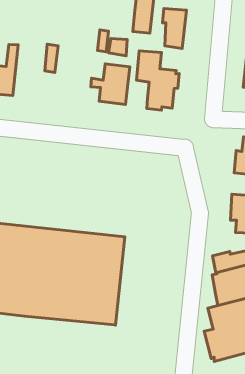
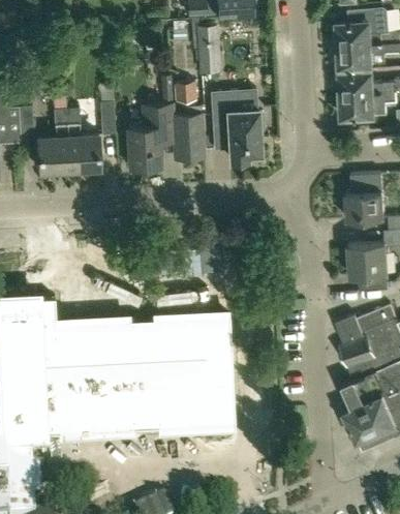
building: [162,9,186,48] -> none
building: none -> [66,110,99,171]
building: none -> [127,105,174,167]

